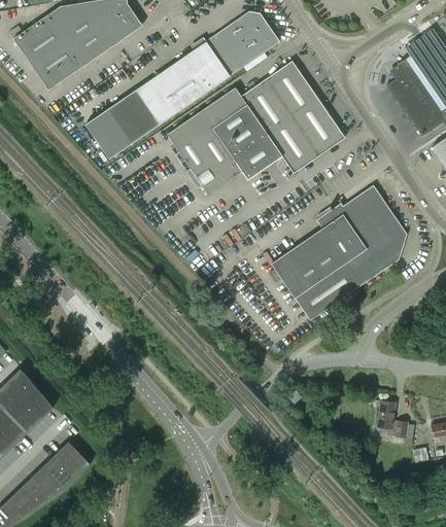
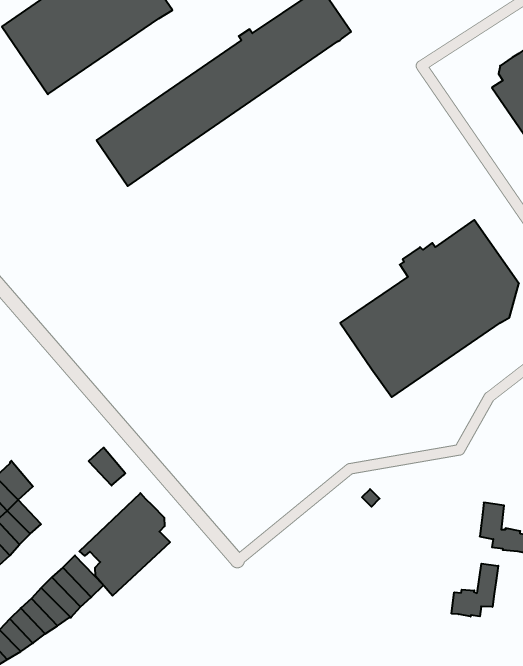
building: [167,61,345,195] -> none
building: [26,388,54,417] -> [89,448,125,486]
building: none -> [79,493,170,596]
building: none -> [452,564,498,617]

